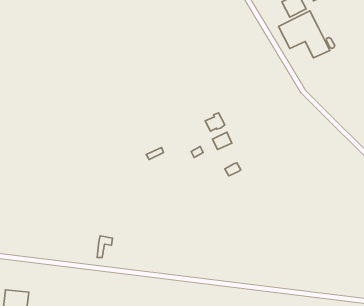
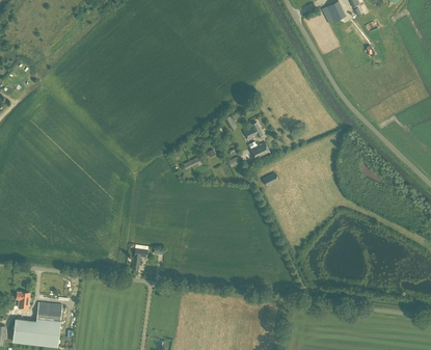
building: [279,11,330,58] -> none

